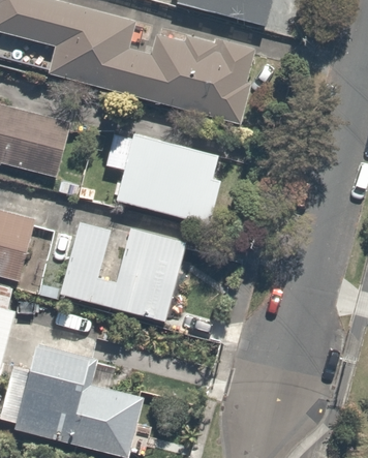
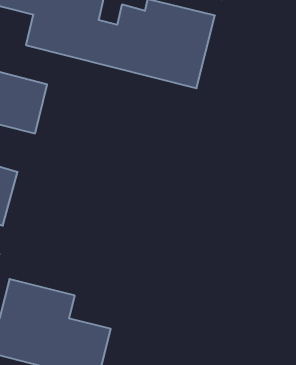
building: [102,129,220,220] -> none
building: [61,220,185,318] -> none

